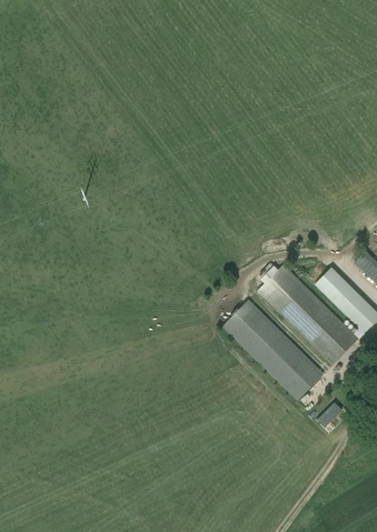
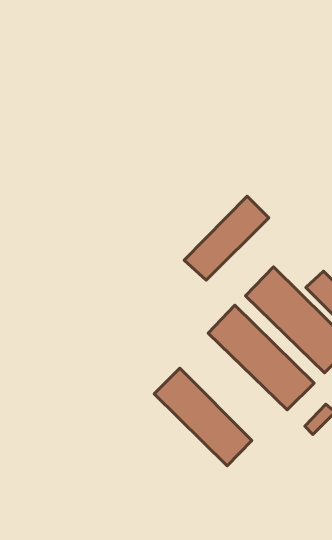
building: none -> [184,196,269,280]
building: none -> [154,368,252,466]

